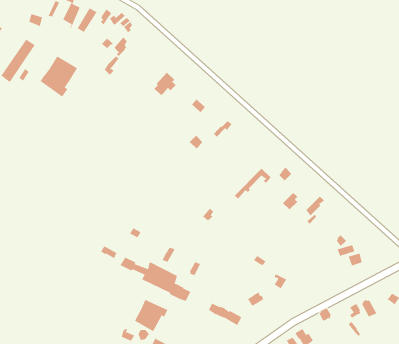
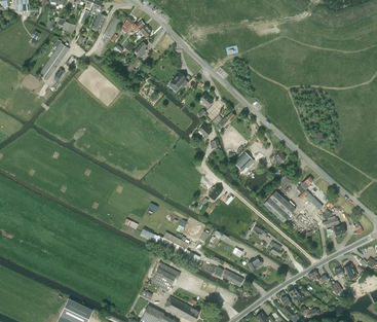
building: [40,56,78,98] -> none
building: none -> [264,190,295,222]

